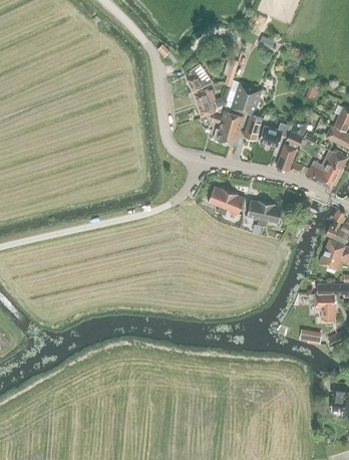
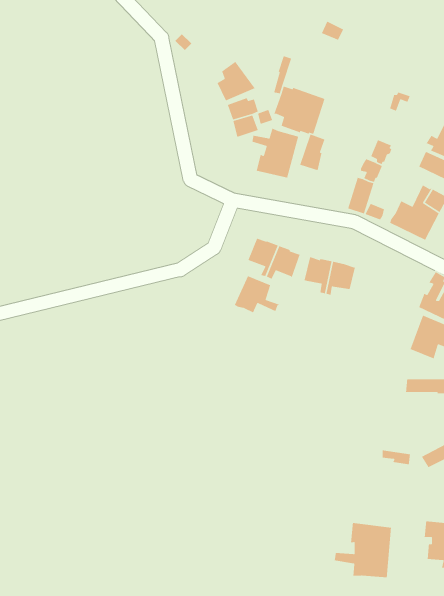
building: [259,123,290,147] -> none
building: none -> [234,275,280,314]
building: [315,293,339,318] -> none
building: none -> [334,522,392,578]

